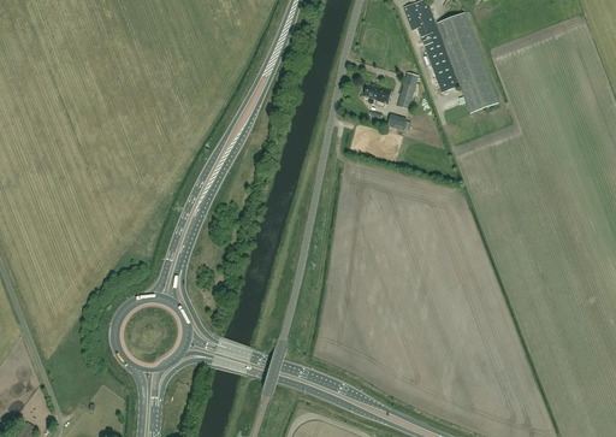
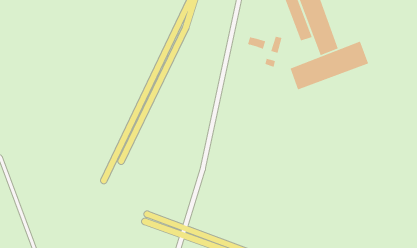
building: none -> [289,41,369,91]

